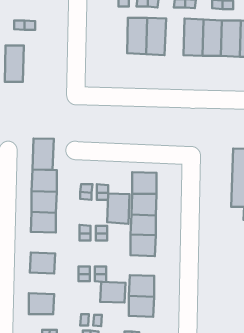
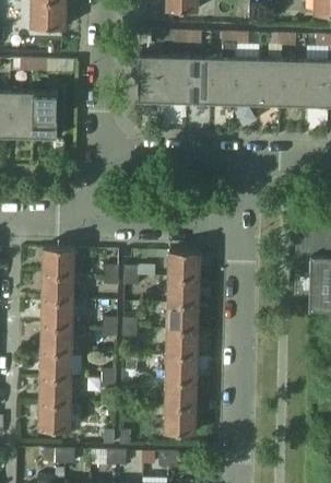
building: none -> [138,56,164,102]
building: none -> [210,58,235,104]
building: none -> [32,92,58,139]
building: [33,139,54,170] -> none
building: [107,194,129,224] -> none
building: none -> [42,327,73,354]
building: none -> [39,378,71,405]
building: [100,282,125,303] -> [166,356,198,382]

